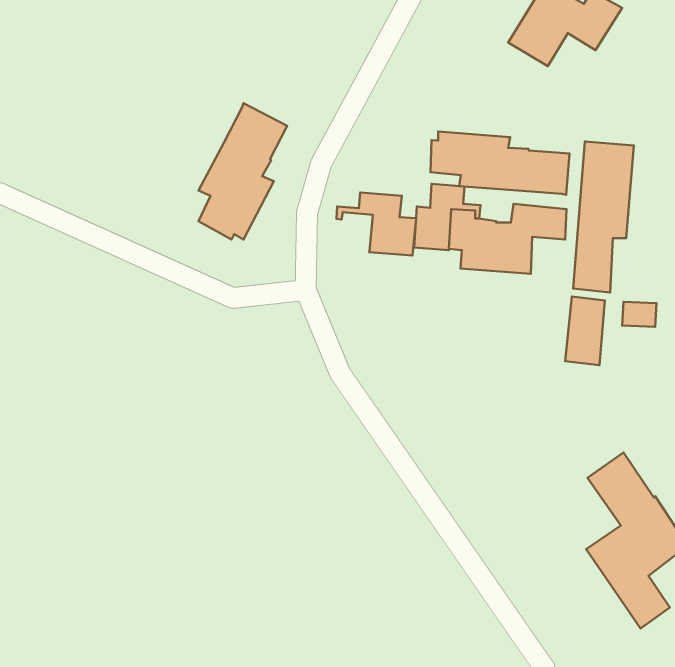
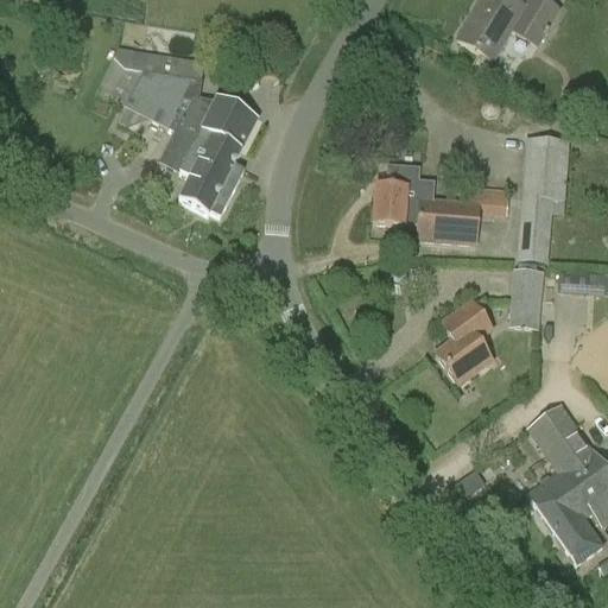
building: none -> [96,45,218,171]
building: [430,132,570,195] -> none
building: [337,193,416,256] -> none
building: none -> [435,297,493,384]

